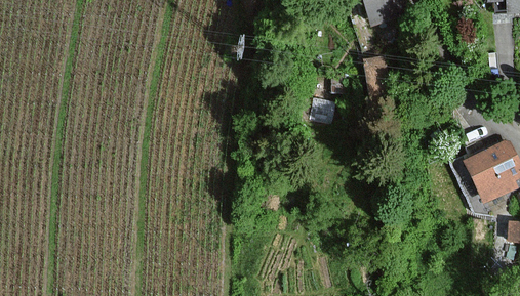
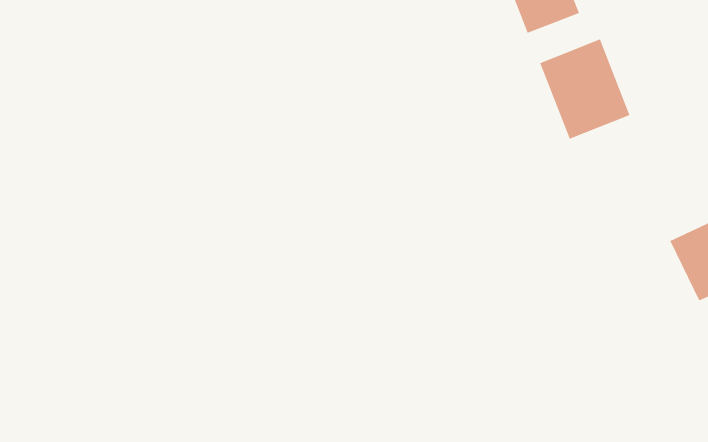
building: none -> [540,39,630,140]

